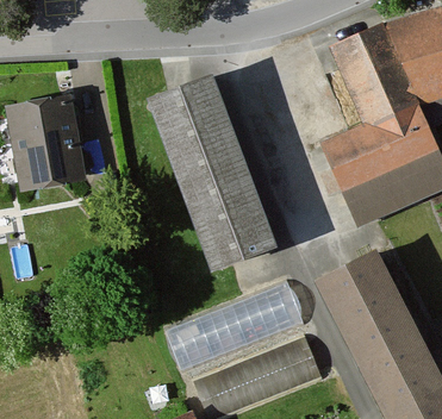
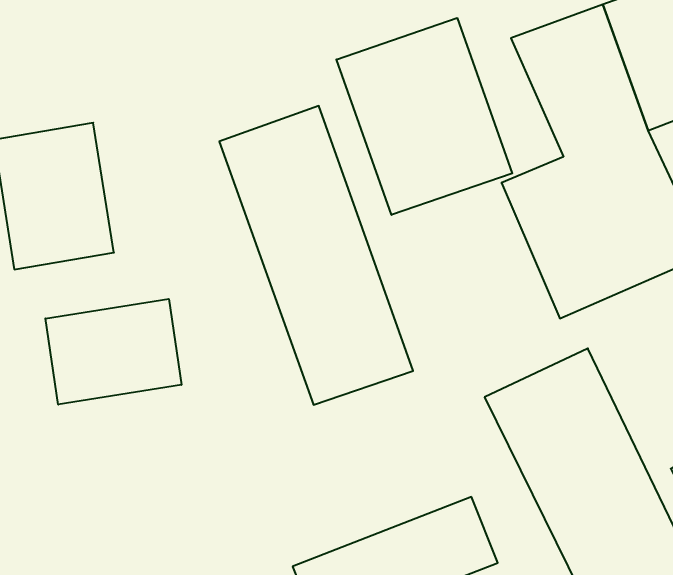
building: none -> [336,18,512,215]
building: none -> [45,299,181,405]
building: [170,284,310,373] -> none

